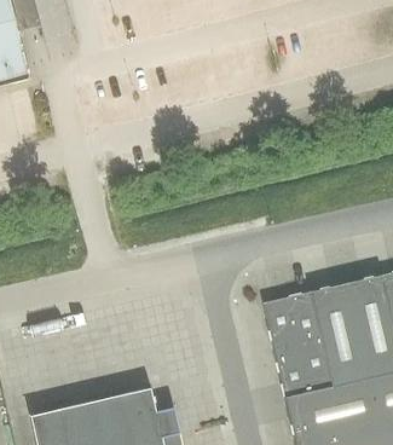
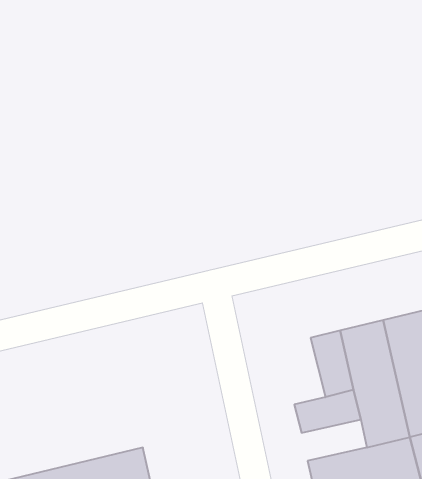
building: [264,297,300,352] -> none
building: [281,364,334,398] -> none

